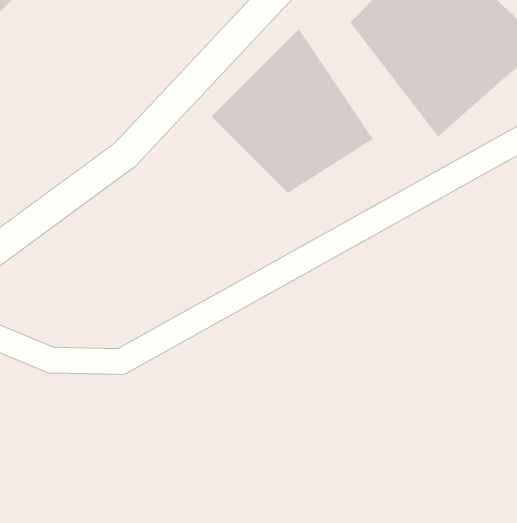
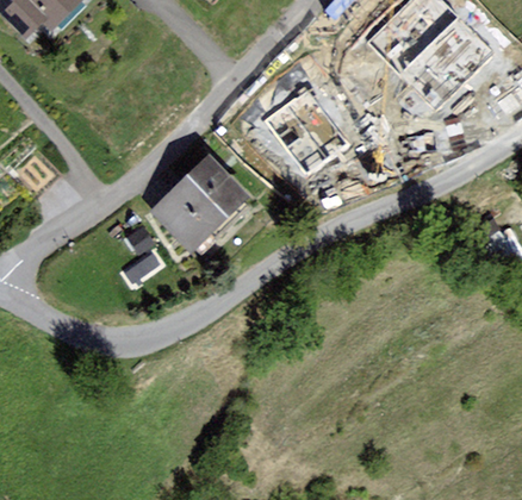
building: none -> [153,154,251,251]

